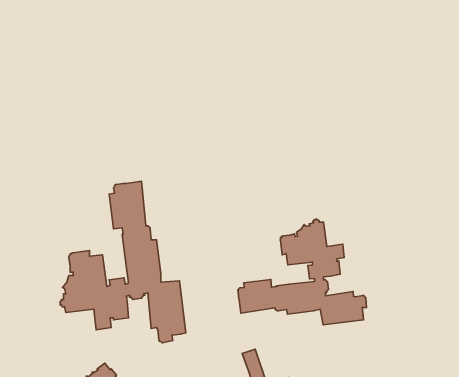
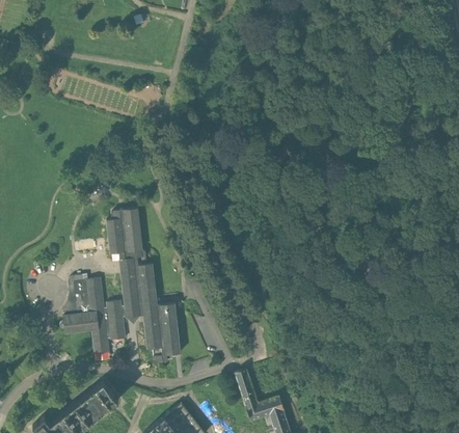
building: [238,219,366,325] -> none

